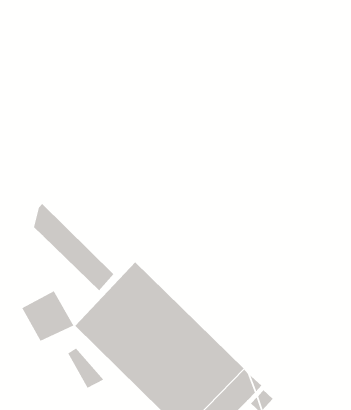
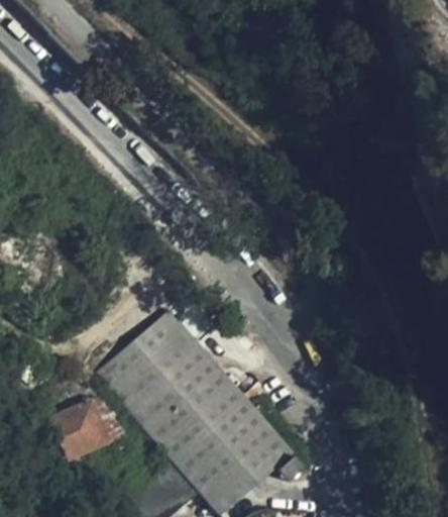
building: [33,203,114,291] -> none
building: [21,290,74,342] -> [50,401,105,454]

